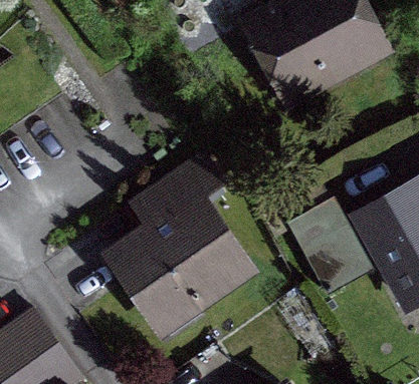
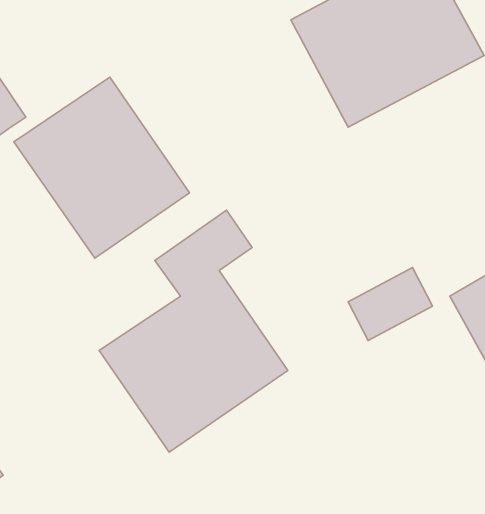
building: none -> [14,77,190,258]

